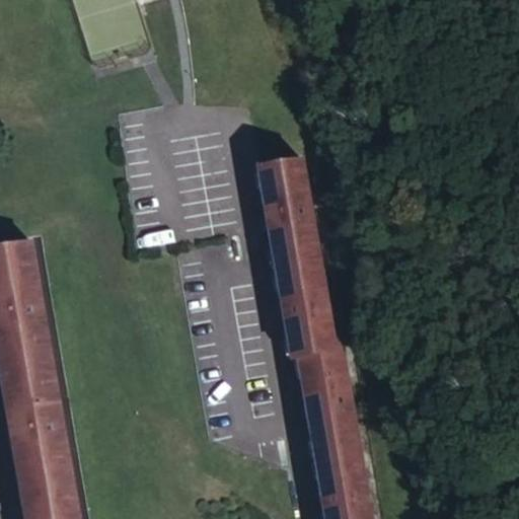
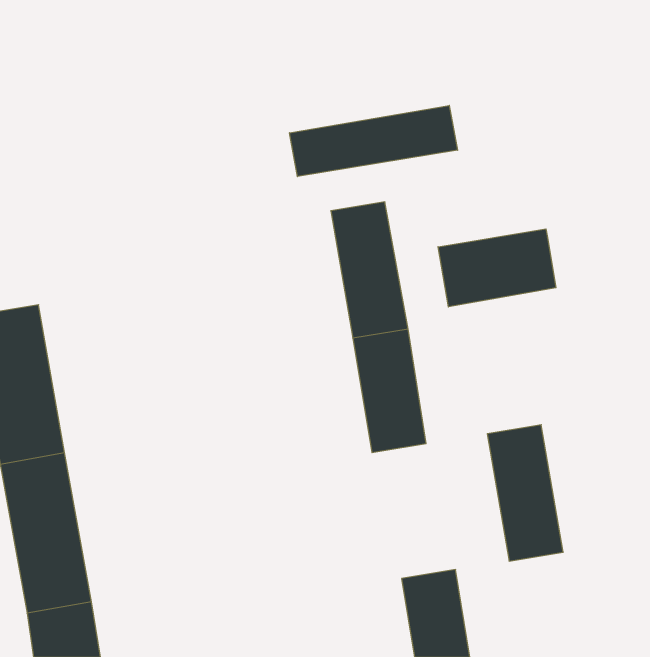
building: none -> [290,105,458,177]
building: none -> [438,229,556,307]
building: [299,349,359,456] -> [487,425,563,561]

